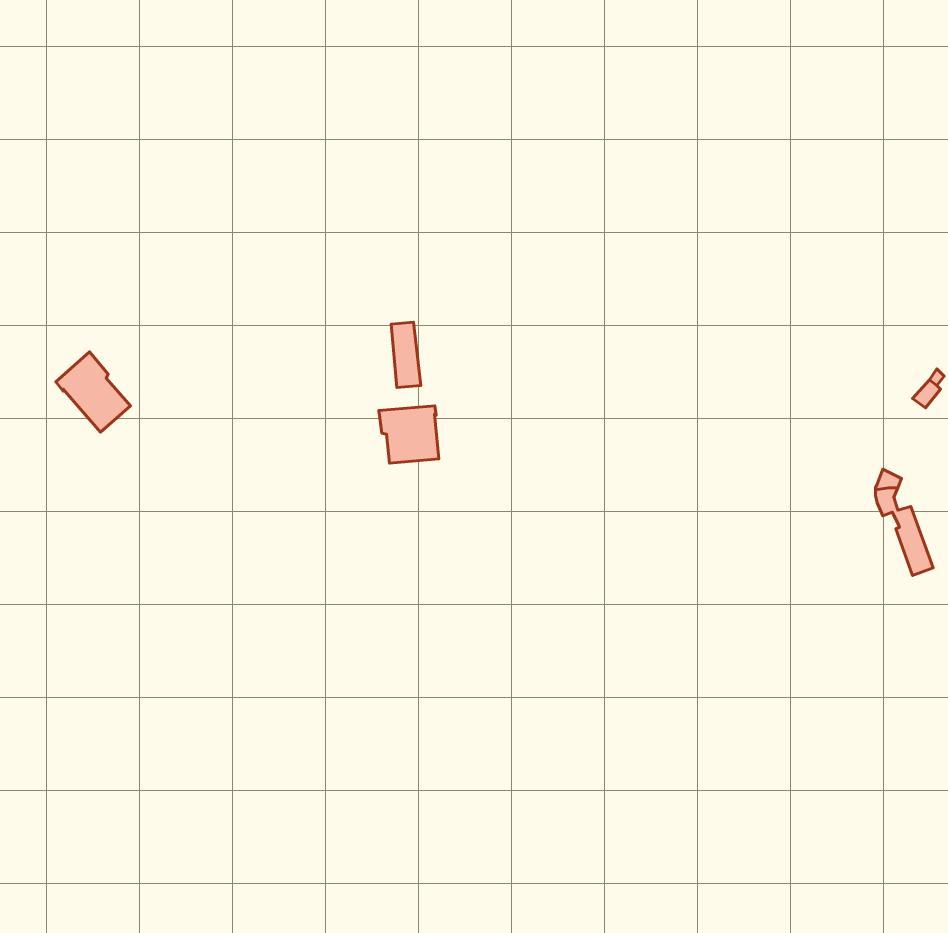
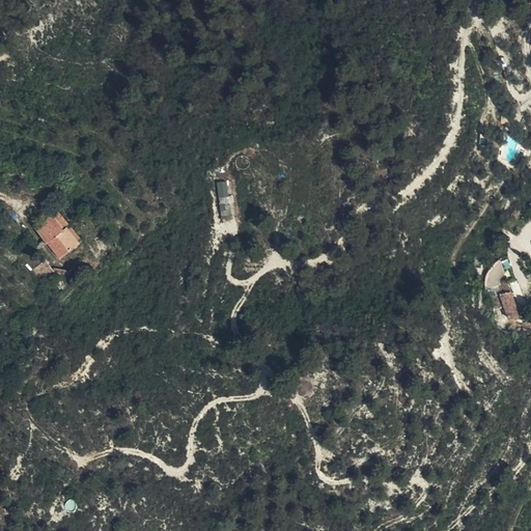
building: [379,406,439,463] -> none

